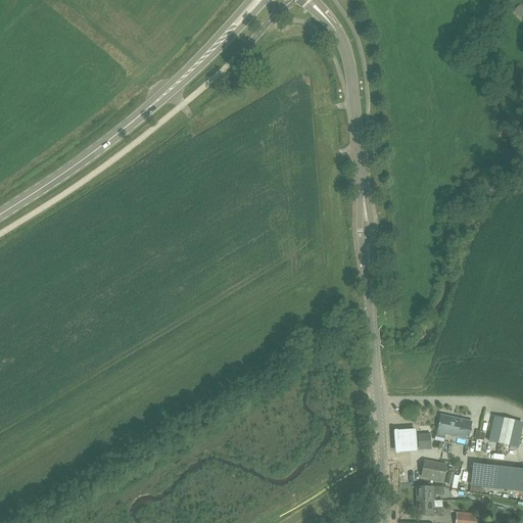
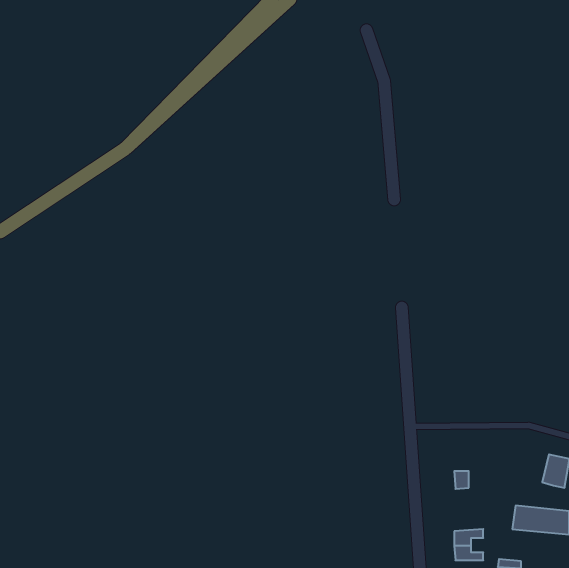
building: [437,415,472,439] -> none
building: [393,427,417,450] -> none
building: [421,460,446,482] -> none

